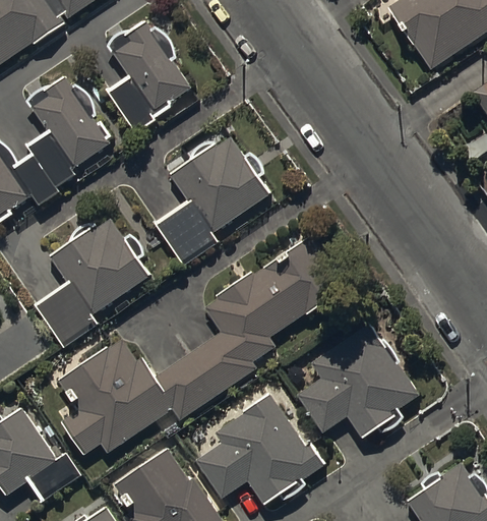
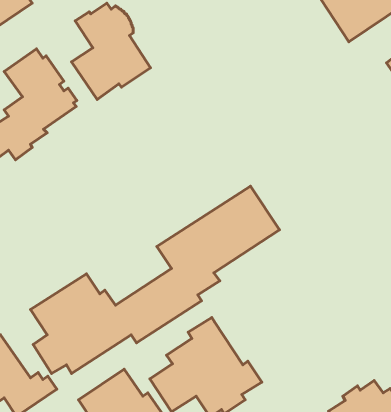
building: [156,135,270,265] -> none
building: [37,217,148,347] -> none
building: [296,324,418,440] -> none

